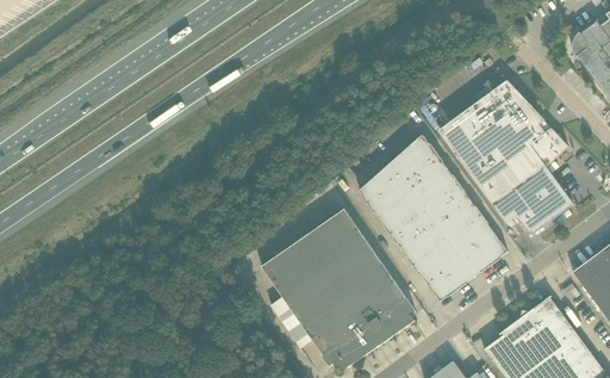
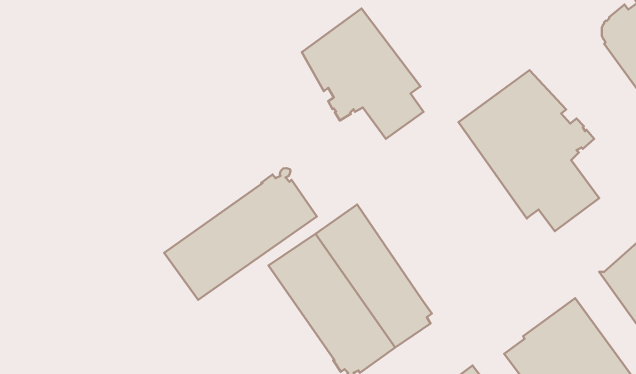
building: none -> [302,9,424,139]
building: [360,135,509,302] -> none
building: none -> [164,168,317,300]

